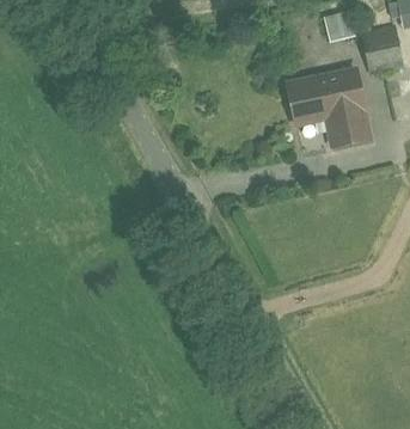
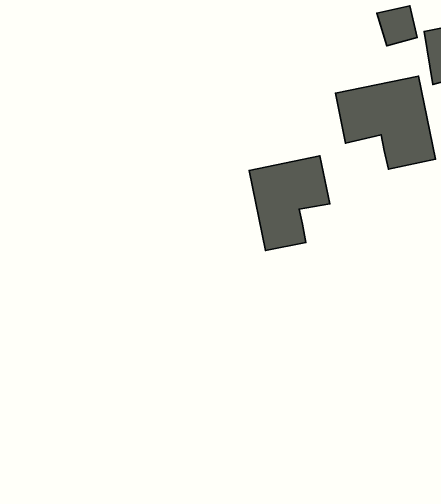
building: none -> [249,156,330,250]

